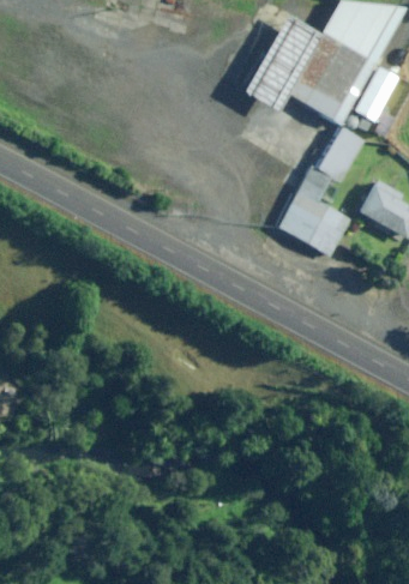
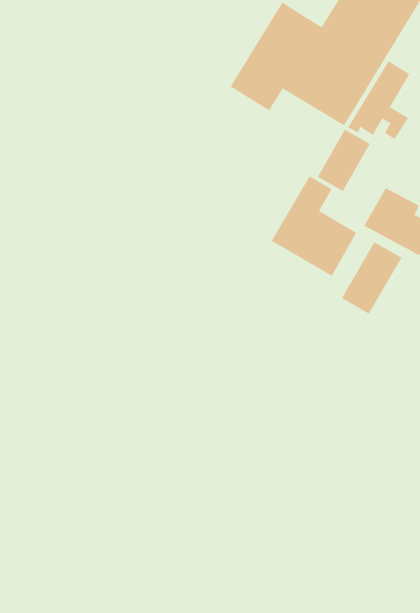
building: none -> [341,242,402,315]

